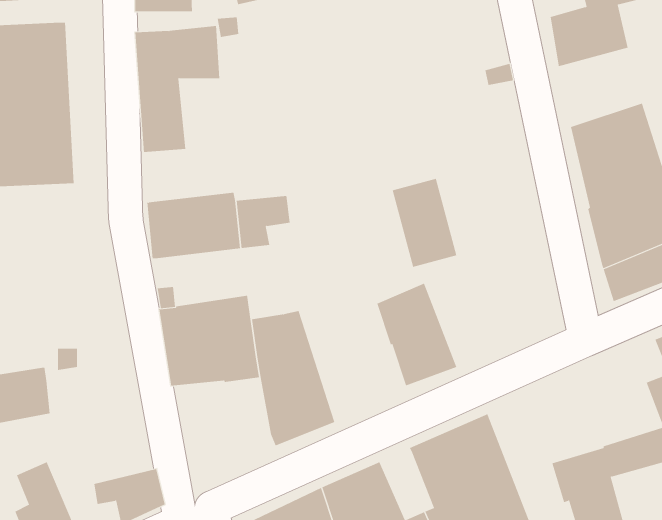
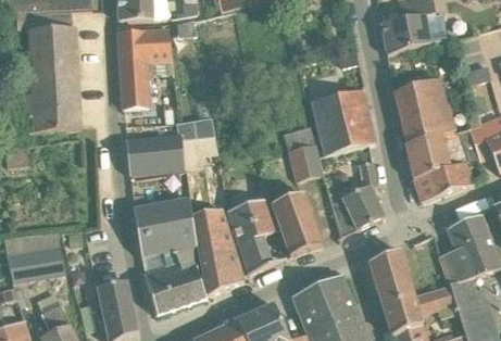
building: none -> [312,88,375,153]
building: none -> [331,160,385,235]
building: none -> [225,198,280,273]
building: none -> [360,248,415,304]
building: none -> [143,250,206,313]
building: none -> [89,279,133,317]

